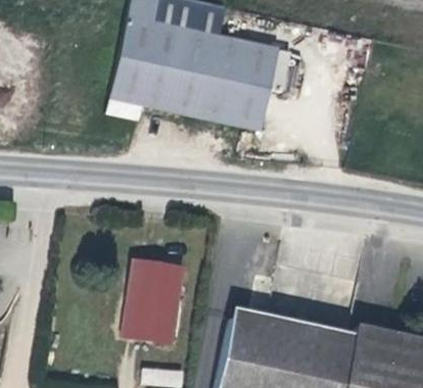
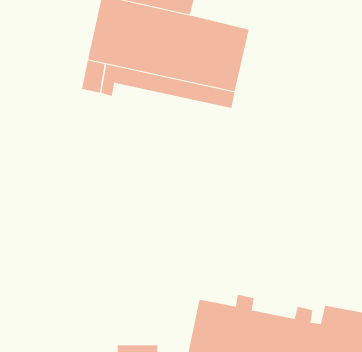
building: [122,261,181,343] -> none

